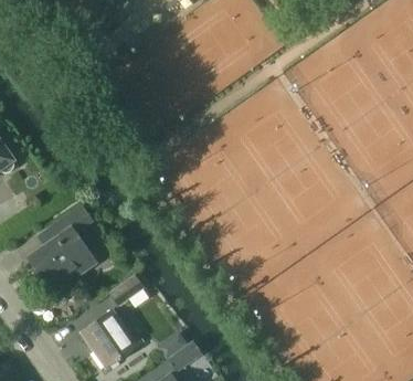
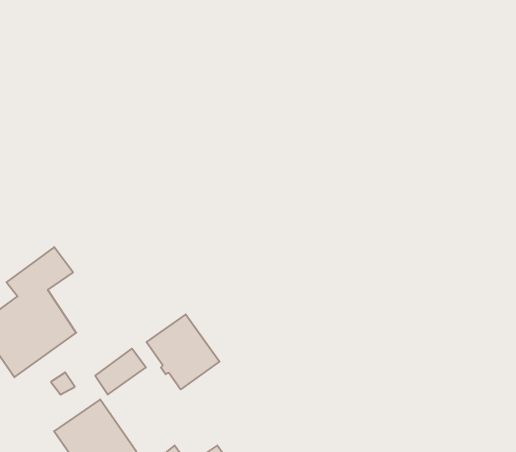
building: none -> [147,314,220,389]

